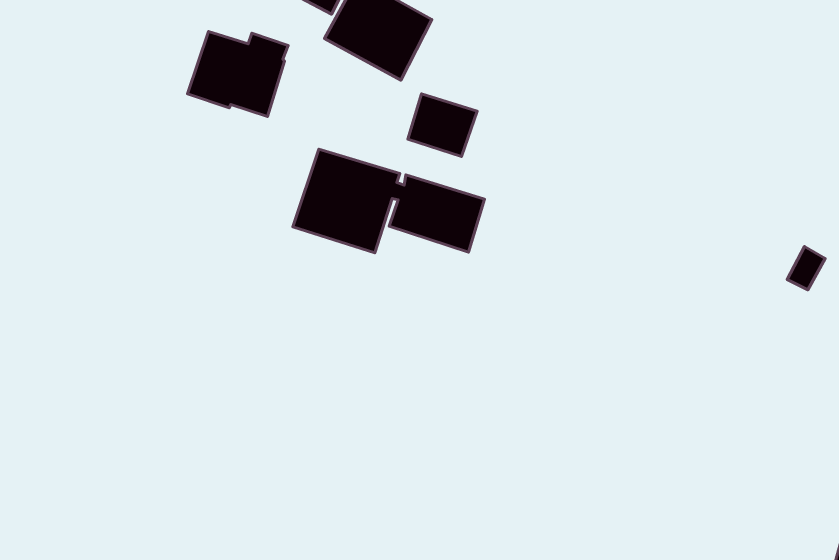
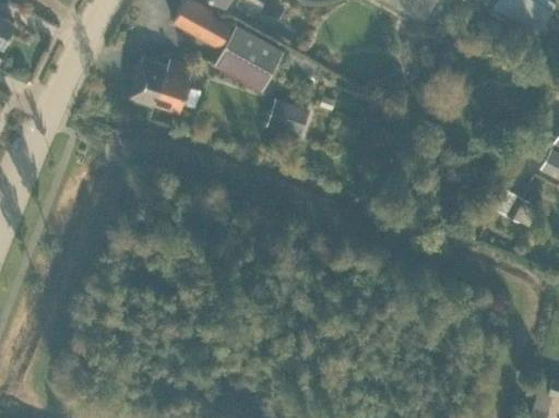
building: [293,149,484,253] -> none

